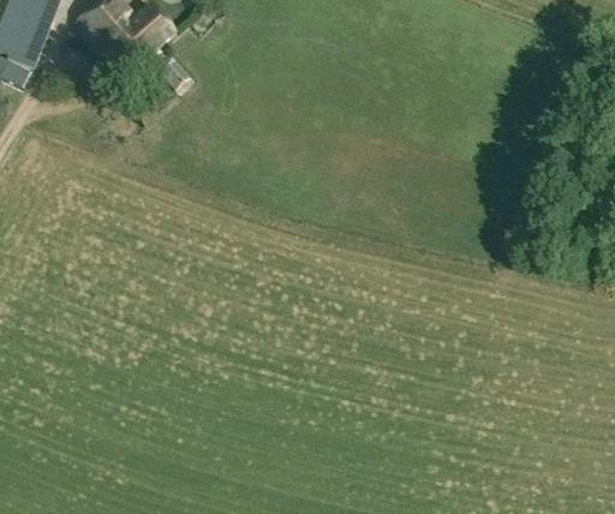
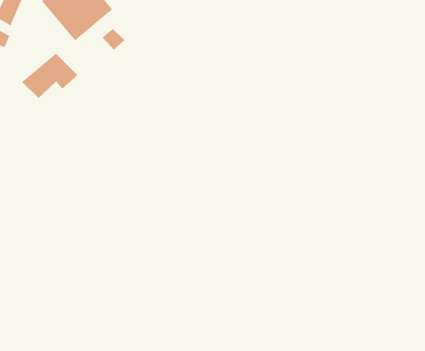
building: none -> [21,53,78,99]

